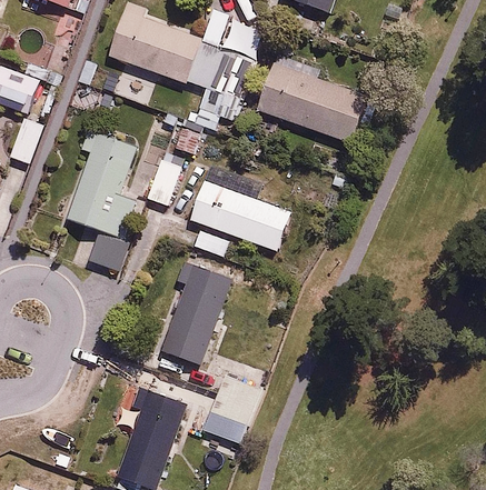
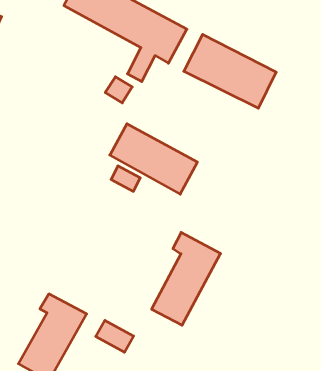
building: [67,129,135,272] -> none
building: [143,158,180,206] -> none
building: [162,259,232,366] -> [152,232,221,325]

